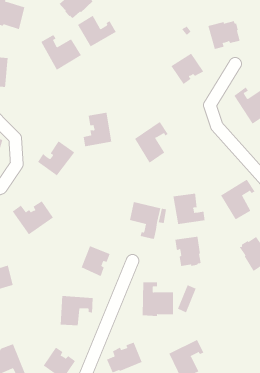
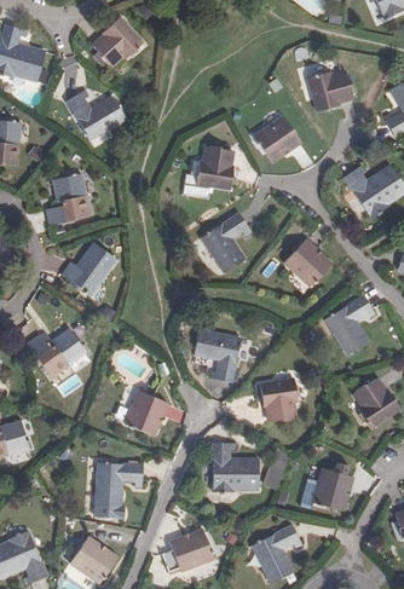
building: [77,15,117,47] -> none
building: none -> [196,144,232,189]
building: [83,112,112,147] -> [47,174,90,224]
building: none -> [283,238,331,287]
building: [173,193,205,225] -> none
building: none -> [312,467,352,510]

